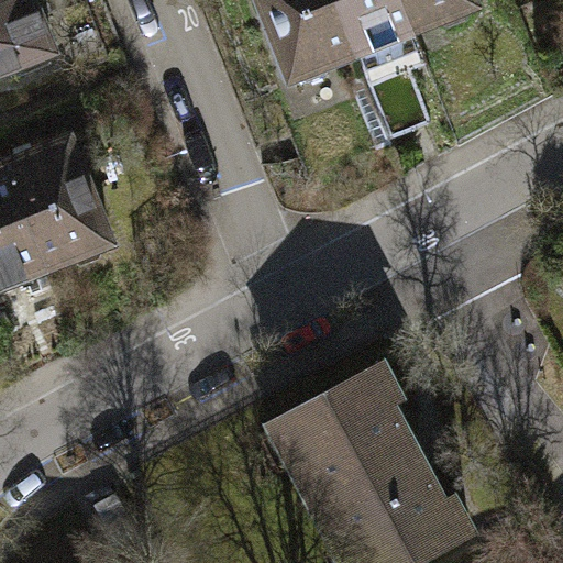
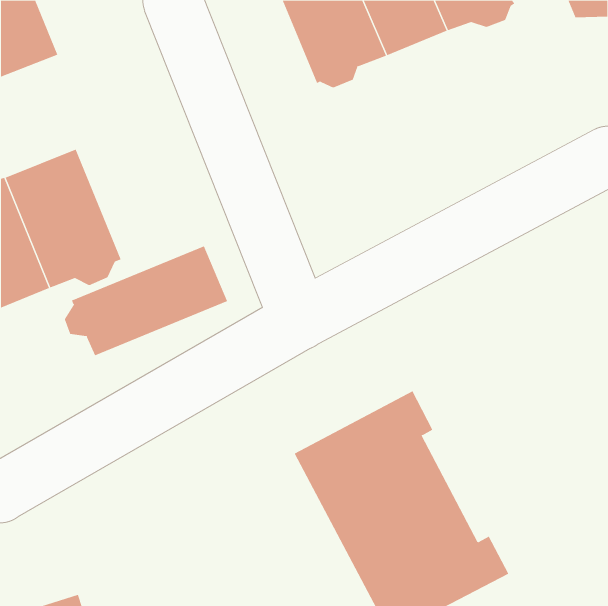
building: none -> [64,246,228,356]

